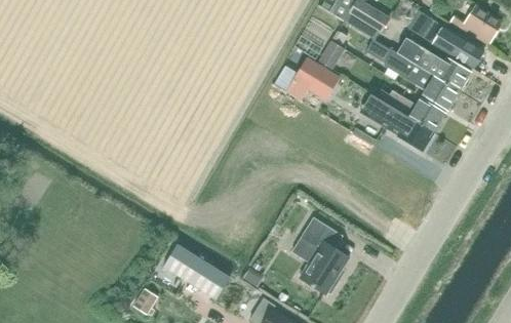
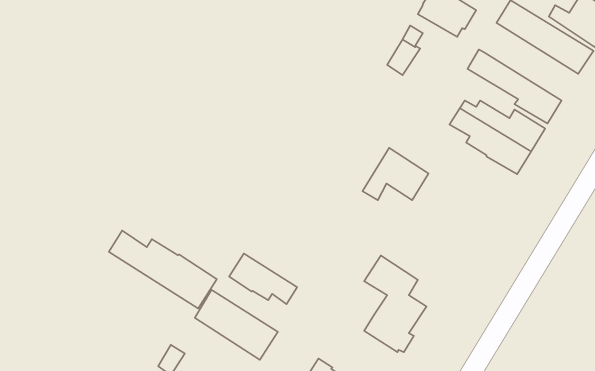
building: [396,37,470,90] -> none
building: [285,57,339,99] -> [362,148,429,200]
building: none -> [109,230,217,308]
building: none -> [229,253,297,304]

